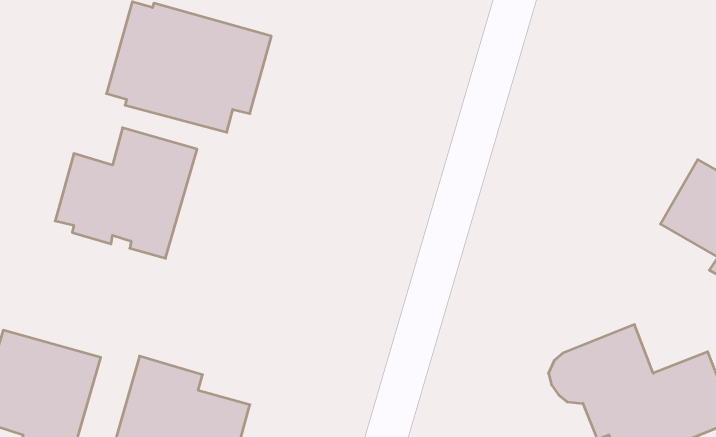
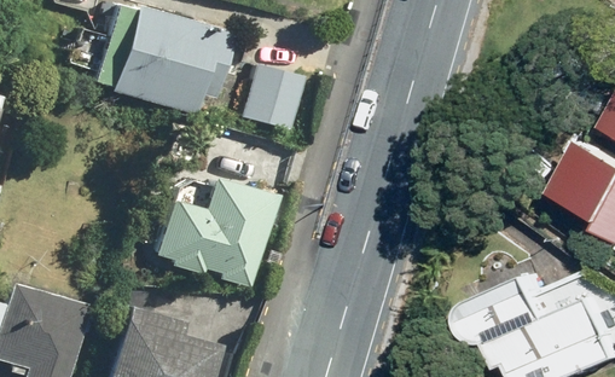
building: none -> [243,62,308,129]
building: [55,128,197,258] -> [155,175,274,285]

